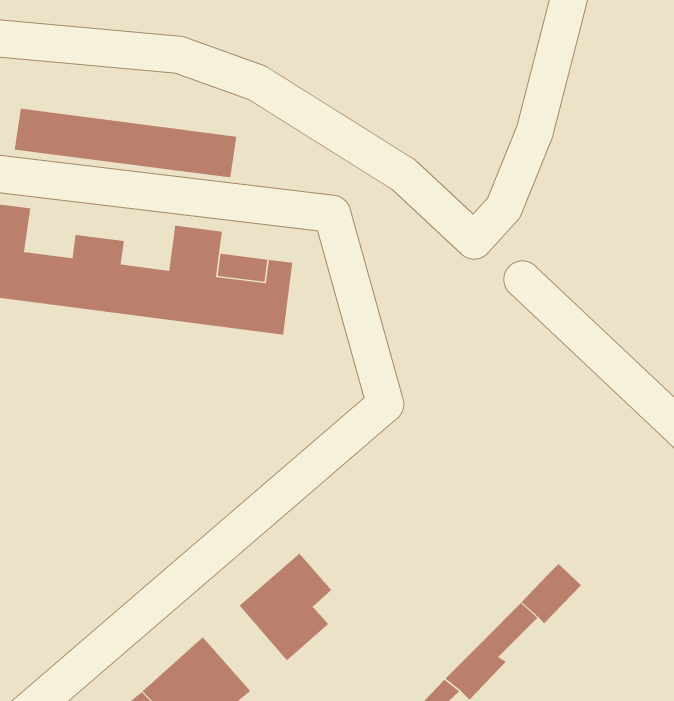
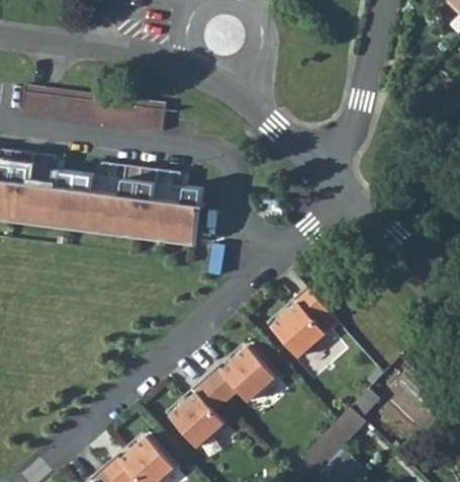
building: none -> [268,290,329,360]
building: none -> [206,344,277,405]

